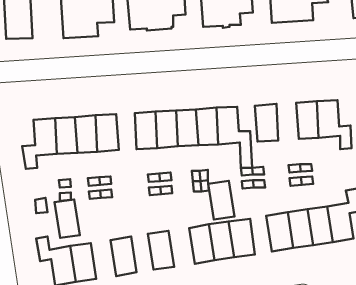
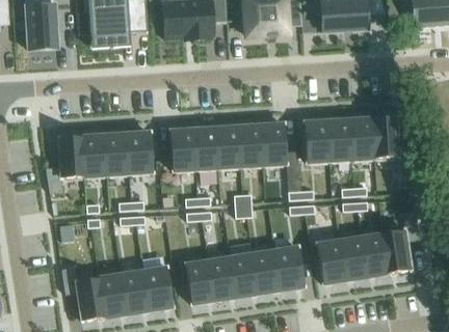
building: none -> [327,119,352,161]
building: [208,181,235,219] -> [208,257,237,300]
building: [54,199,80,238] -> [122,271,150,313]

